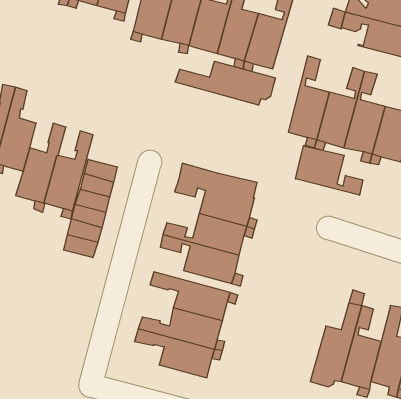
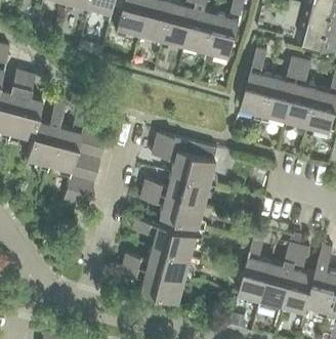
building: [175,61,275,105] -> none
building: [295,146,363,195] -> none
building: none -> [238,234,270,306]

